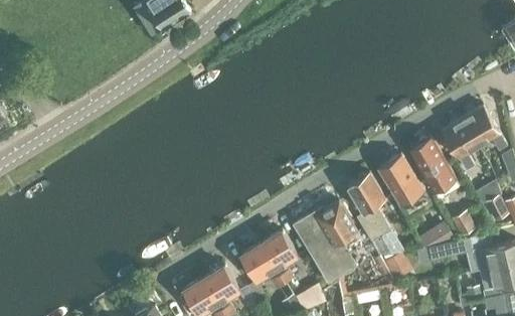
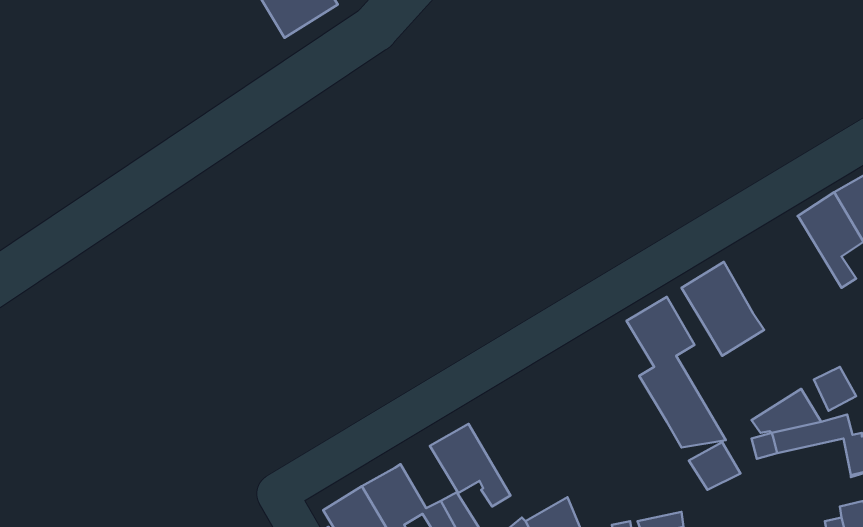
building: [409,137,460,197] -> none
building: [294,202,357,282] -> none
building: [263,231,299,283] -> none

